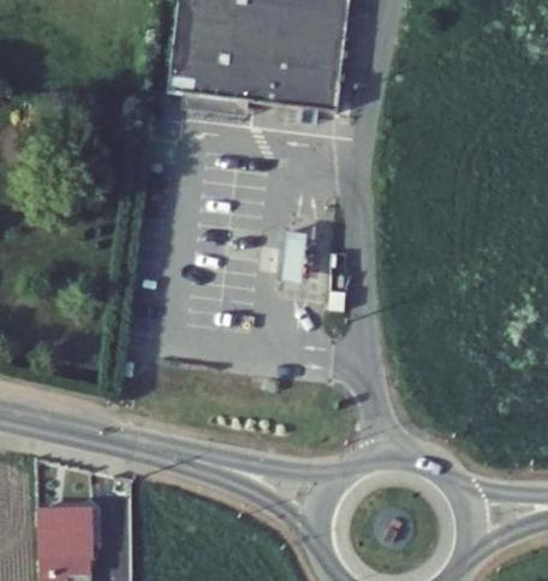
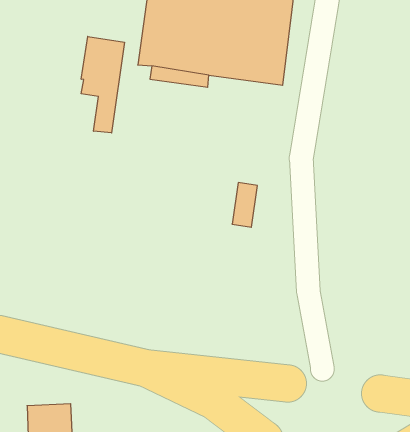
building: none -> [81,36,124,133]

